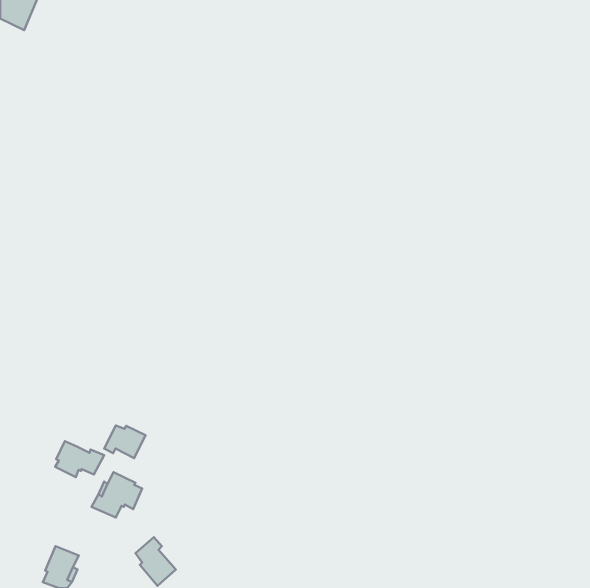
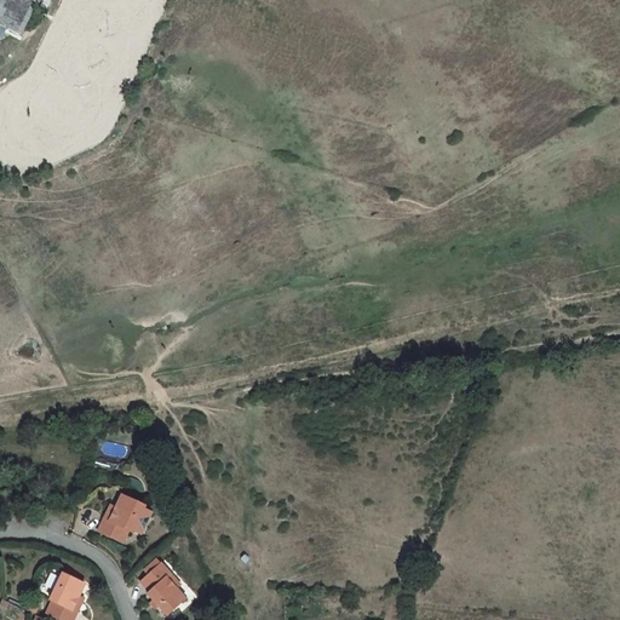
building: [104,425,146,458] -> none
building: [55,441,104,477] -> none

